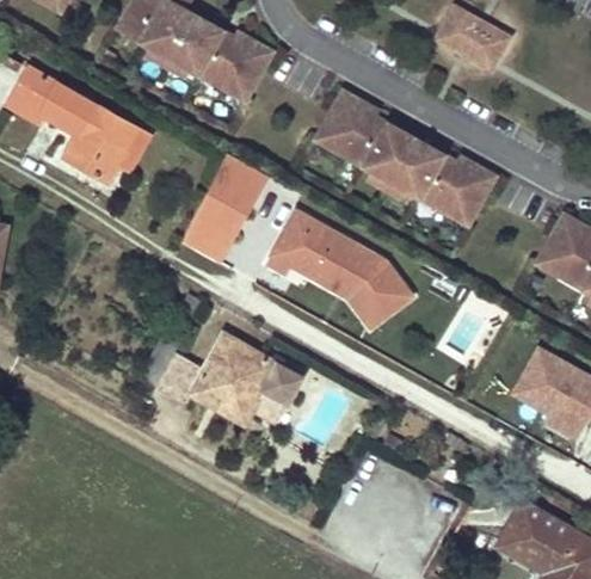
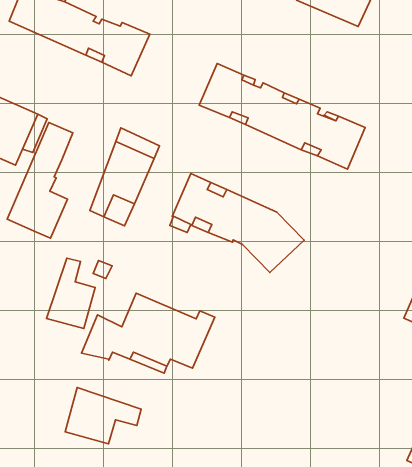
building: none -> [7,123,73,238]
building: none -> [47,258,95,328]
building: none -> [65,387,141,444]

